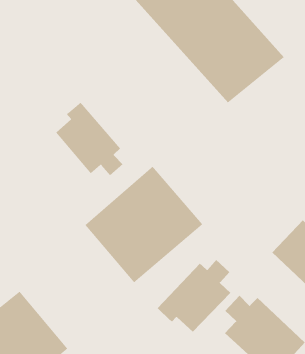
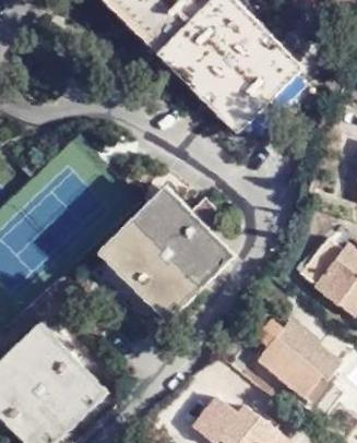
building: [55,102,124,176] -> none
building: [157,259,231,333] -> none

